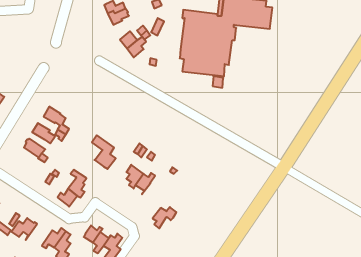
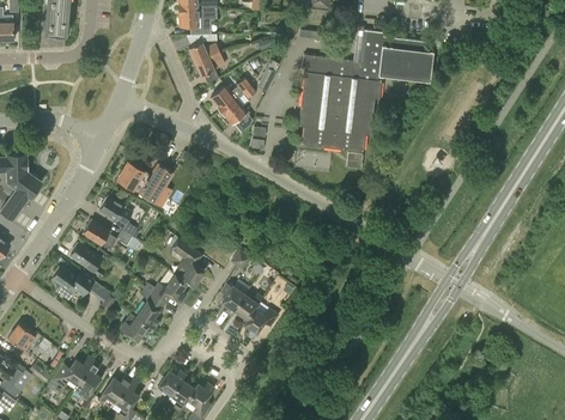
building: none -> [116,162,174,208]
building: none -> [51,266,93,299]
building: none -> [144,274,187,303]
building: [153,207,176,228] -> [243,308,278,339]
building: none -> [73,358,102,409]

